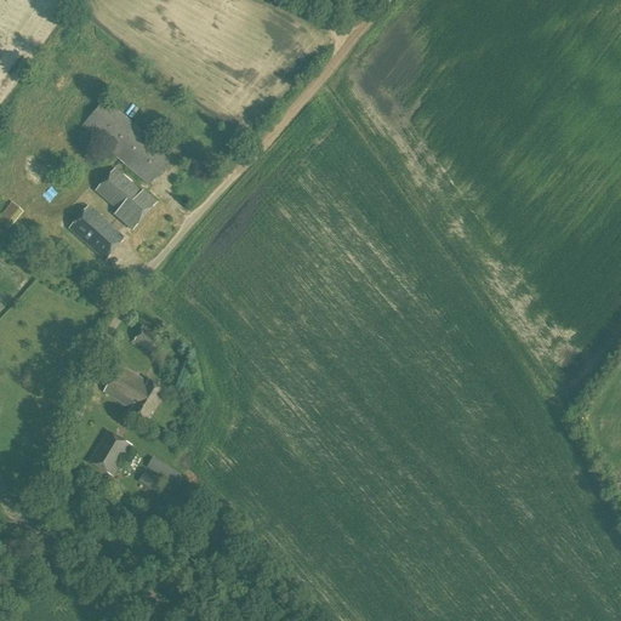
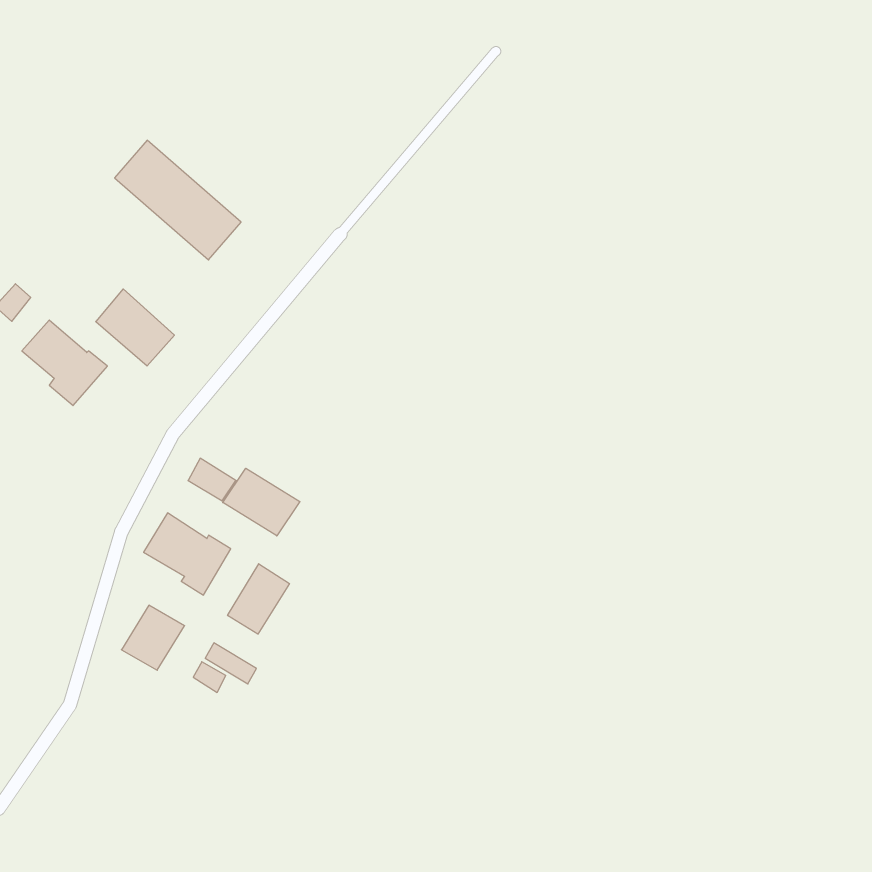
building: [95,169,155,229] -> [22,320,107,406]
building: none -> [223,468,300,536]
building: none -> [228,564,289,634]

